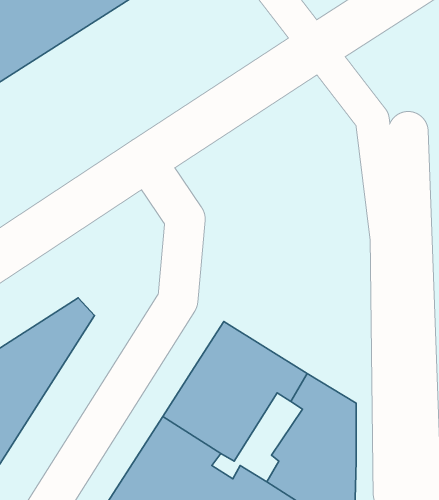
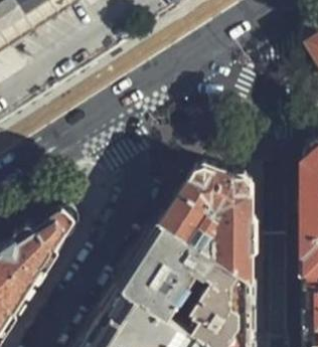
building: none -> [161,165,252,276]

